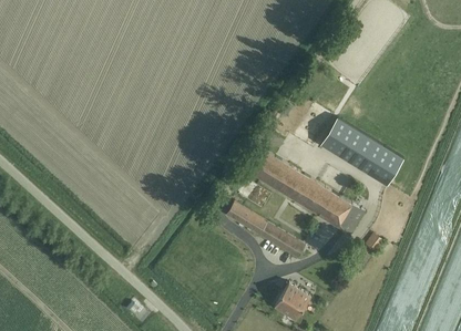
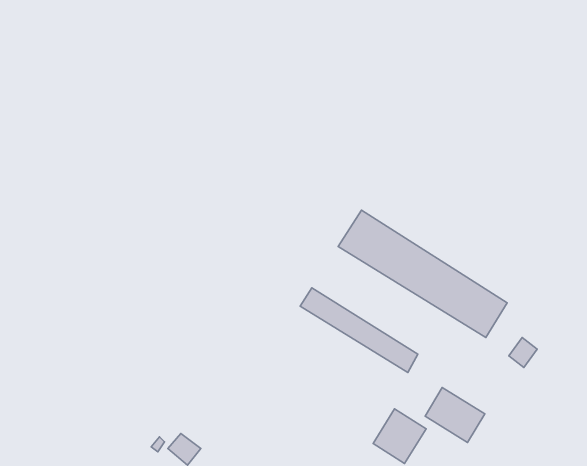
building: [321,117,403,186] -> none
building: none -> [425,388,485,443]

